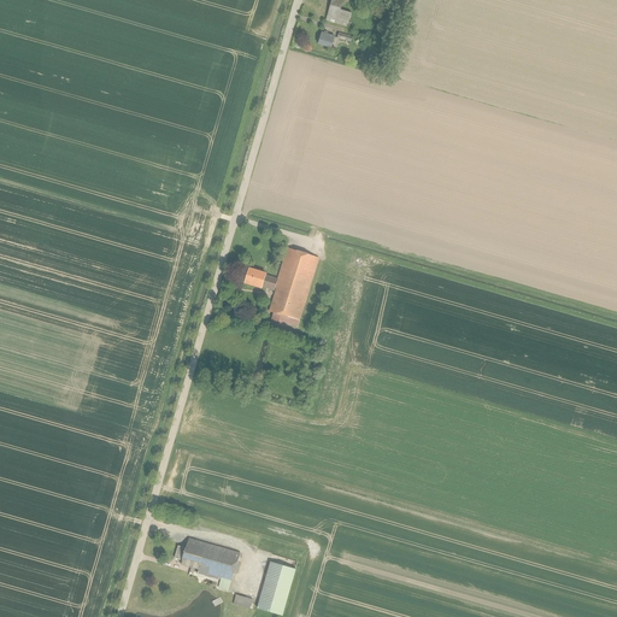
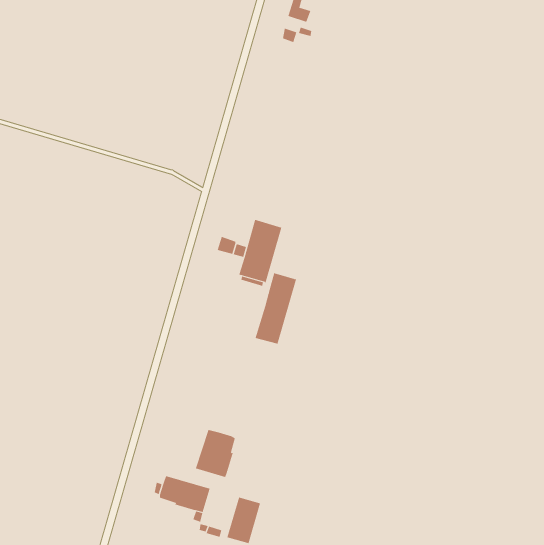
building: none -> [255,273,297,345]
building: none -> [195,429,235,478]

